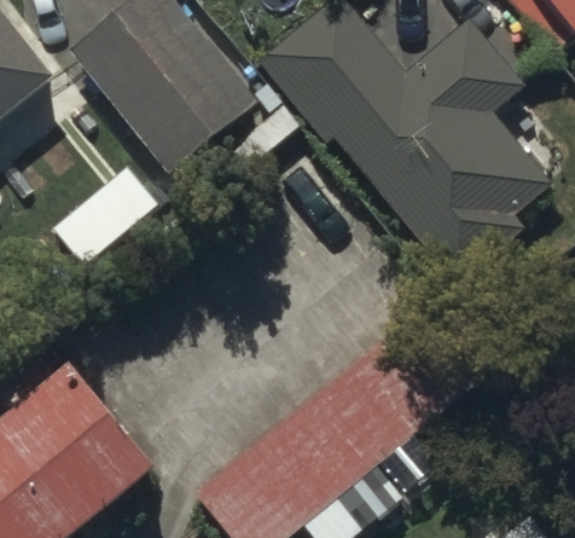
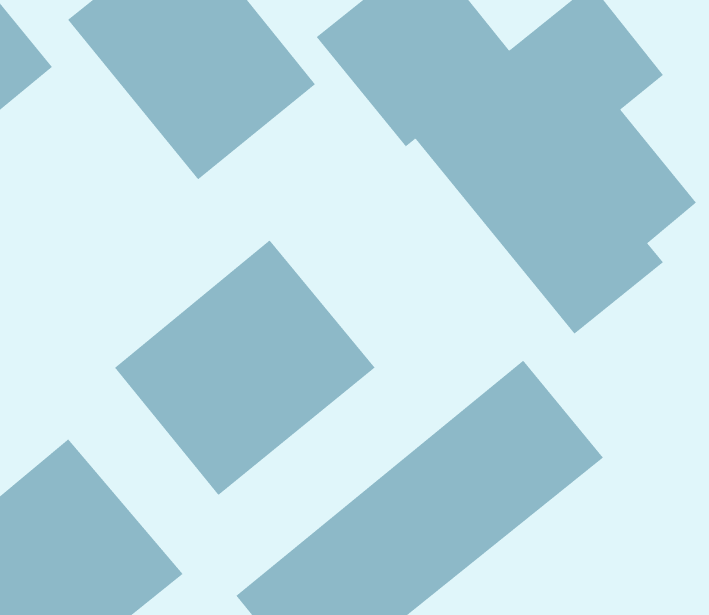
building: none -> [114,239,376,496]

